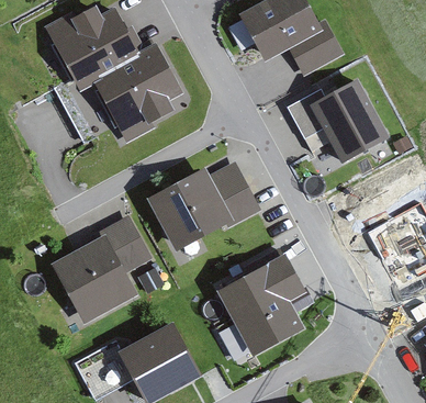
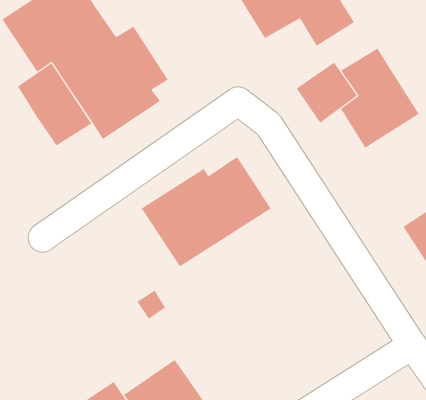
building: [53,216,149,322] -> none
building: [217,254,303,354] -> none

